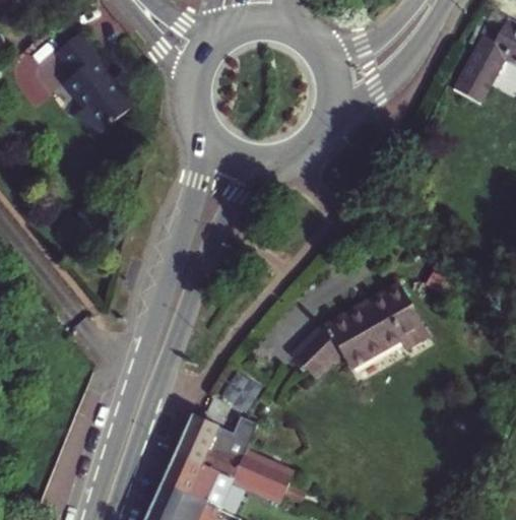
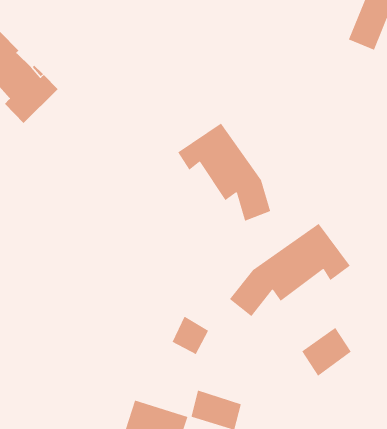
building: none -> [177,122,271,222]
building: none -> [301,327,352,377]
building: [176,416,248,479] -> none

